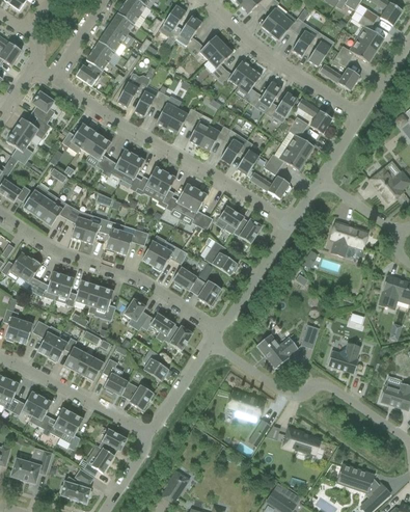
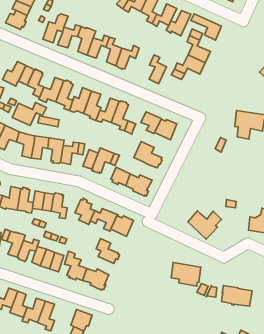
building: [220,130,246,165] -> none
building: [248,172,289,199] -> none
building: none -> [12,102,46,126]

